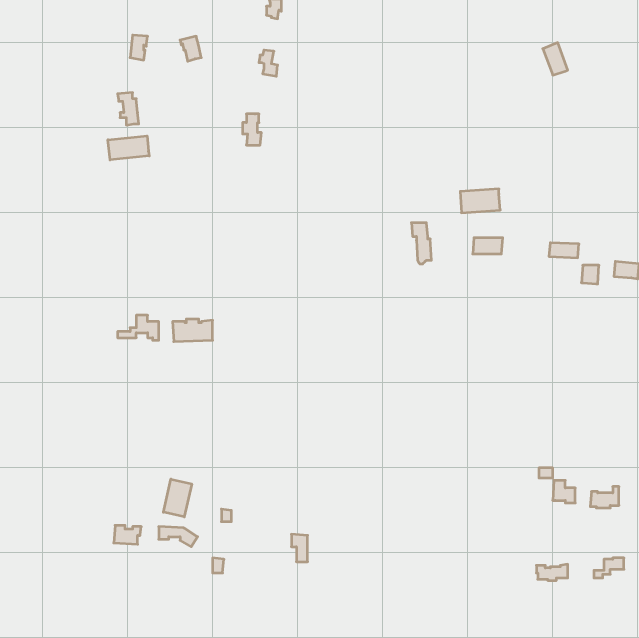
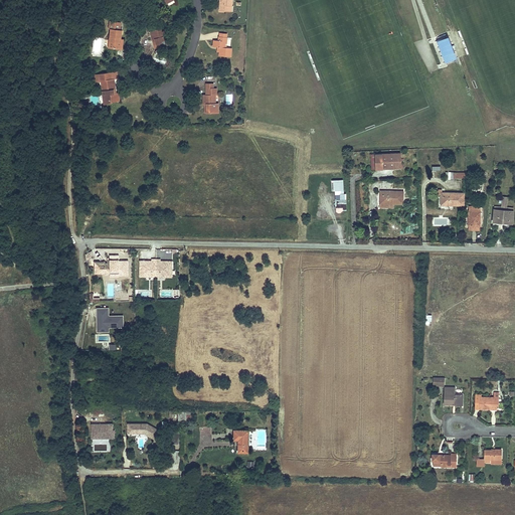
building: [108,136,149,160] -> none
building: none -> [97,307,123,332]
building: [163,479,192,517] -> none

